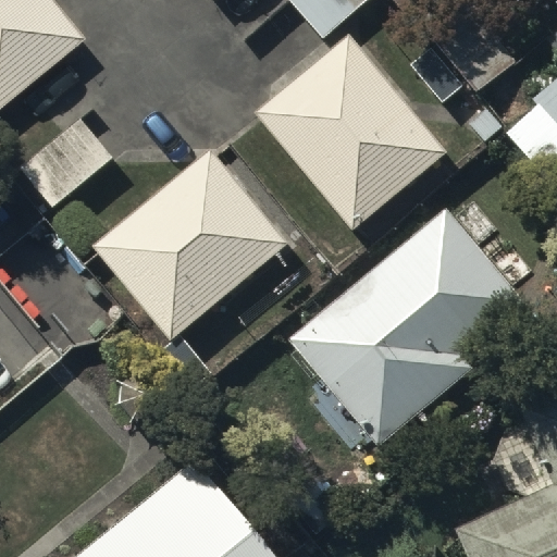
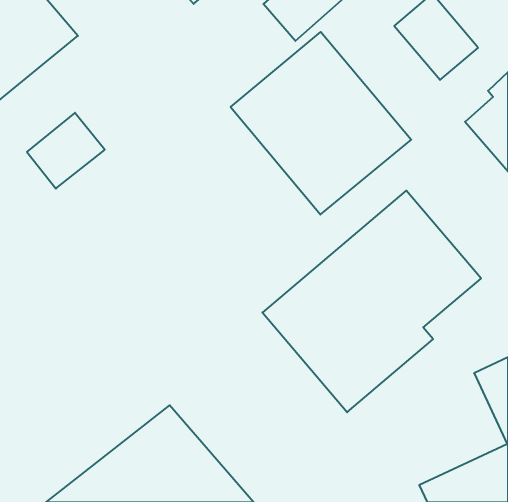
building: [89,147,290,344] -> none

